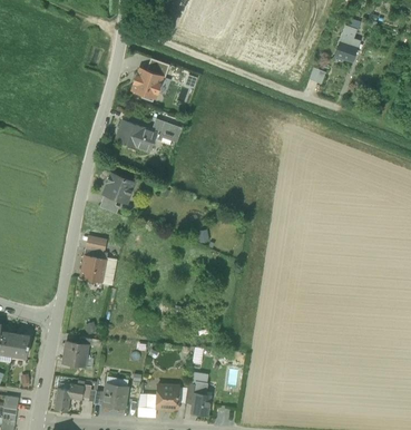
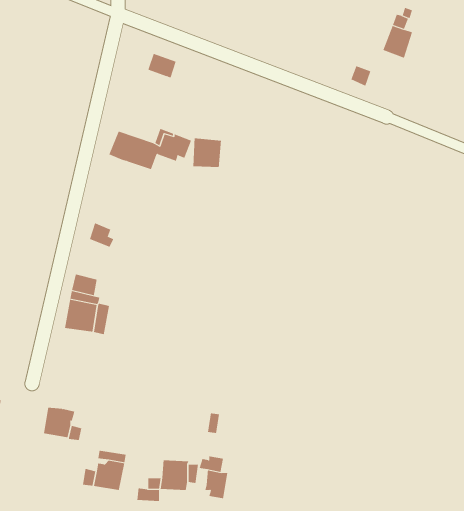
building: [133,69,162,101] -> none
building: none -> [193,137,222,168]
building: [104,173,135,201] -> none
building: [53,384,84,411] -> none

